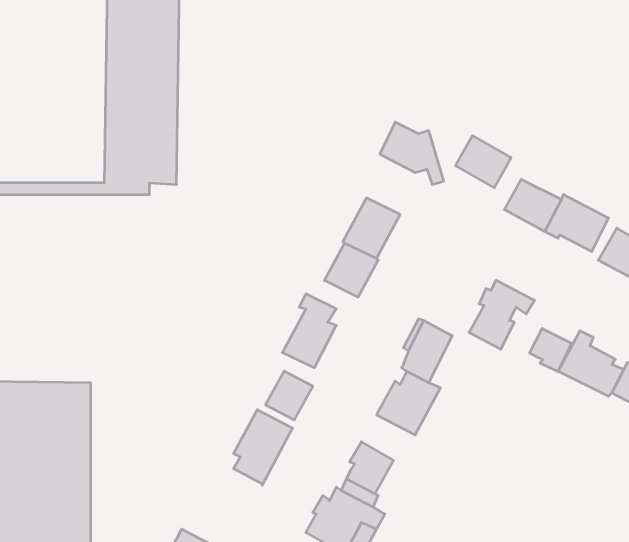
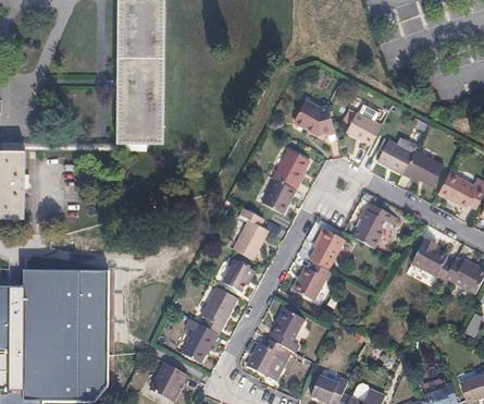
building: [530,328,571,372] -> none
building: none -> [181,320,219,366]

